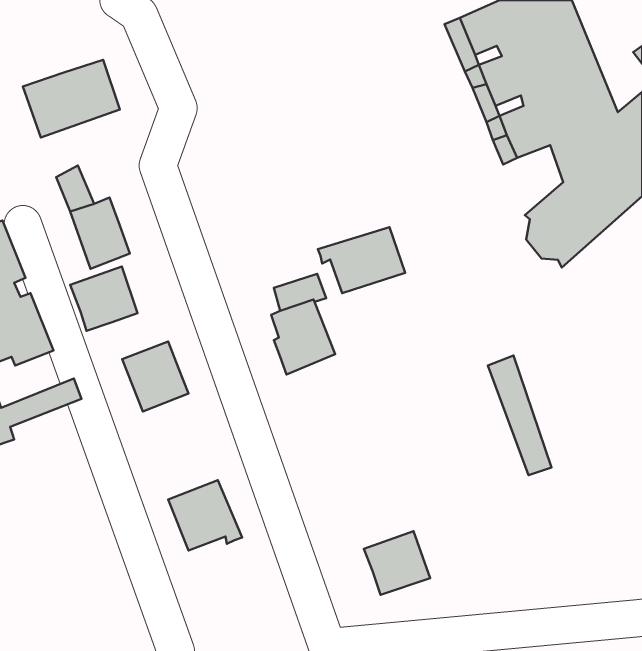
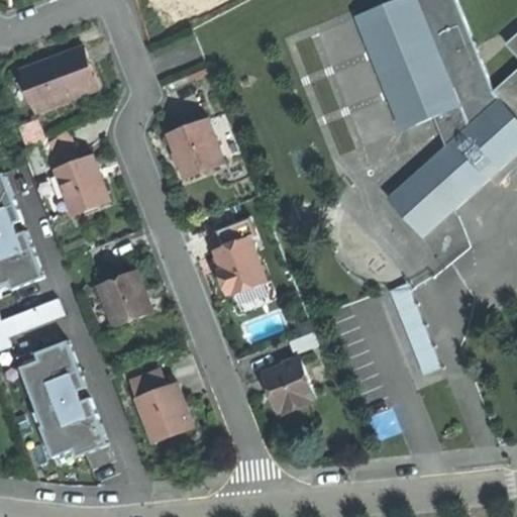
building: none -> [166,117,222,177]
building: none -> [386,171,445,236]
building: [318,227,405,293] -> none
building: [70,266,137,331] -> none
building: none -> [22,342,109,458]
building: [364,531,430,595] -> [258,357,311,408]

